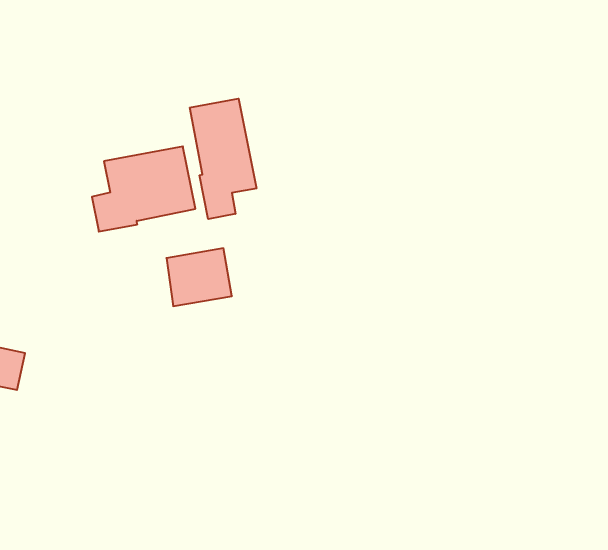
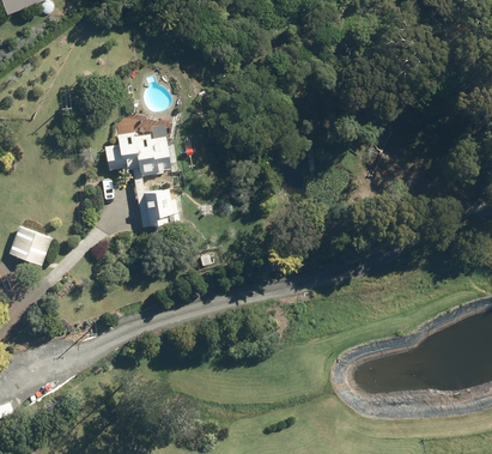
building: [190,99,256,219] -> none

